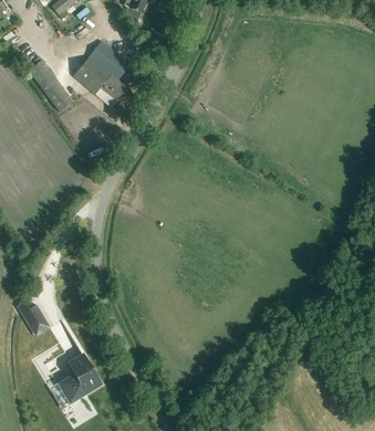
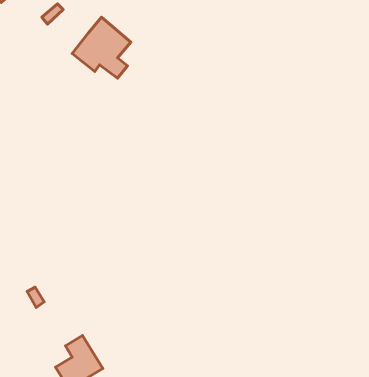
building: [28,61,73,113] -> none

